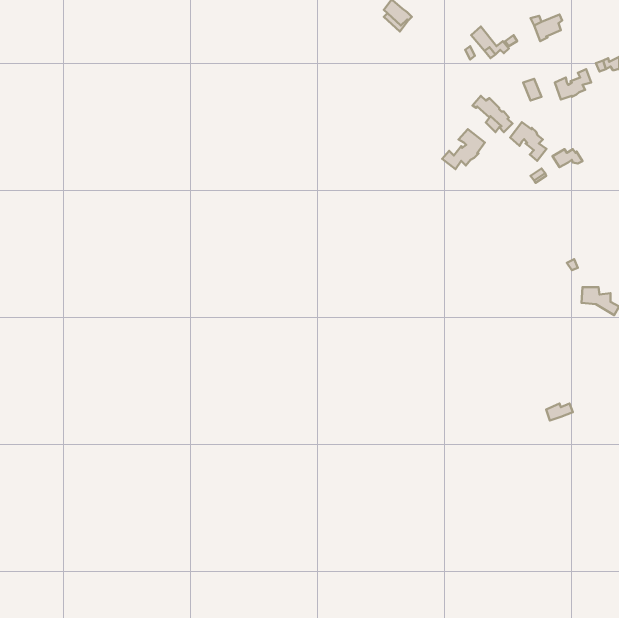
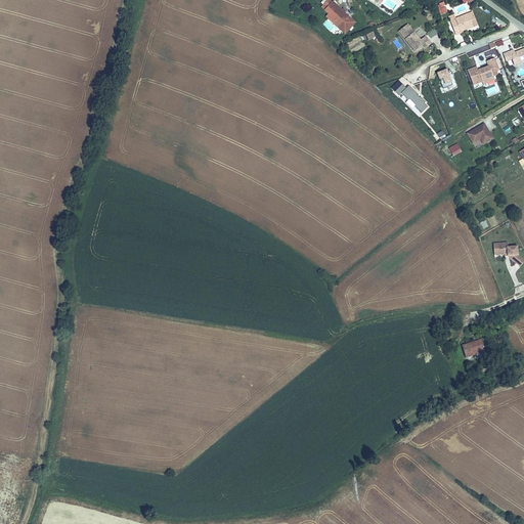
building: [510,122,546,161] -> none
building: [442,129,485,169] -> none

